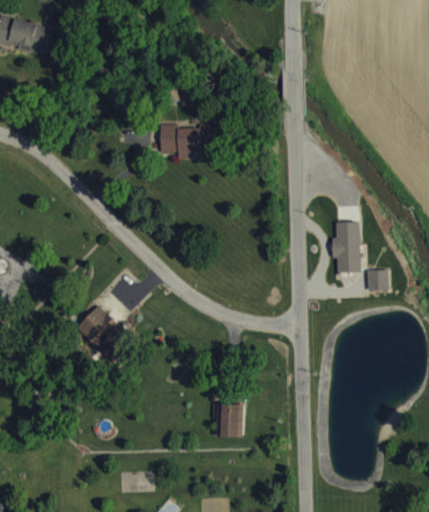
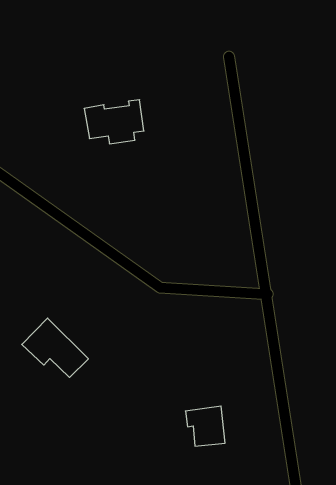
building: [331,221,360,271] -> none

